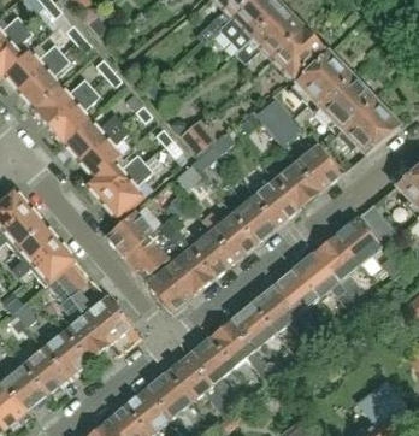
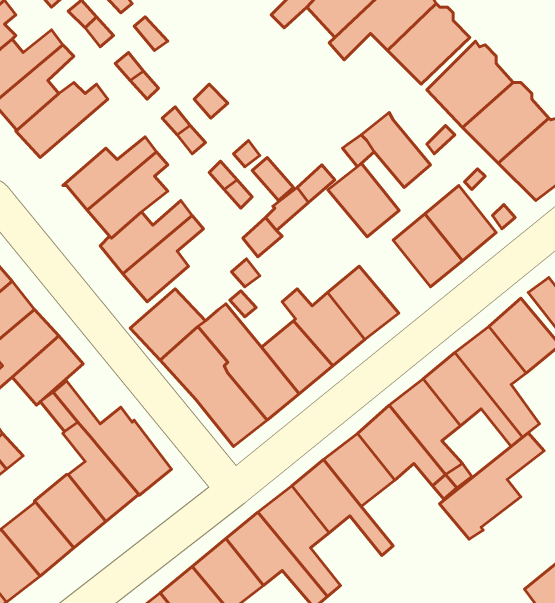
building: [48,88,99,143] -> none
building: [253,178,299,225] -> [328,164,399,237]
building: none -> [440,433,544,539]

